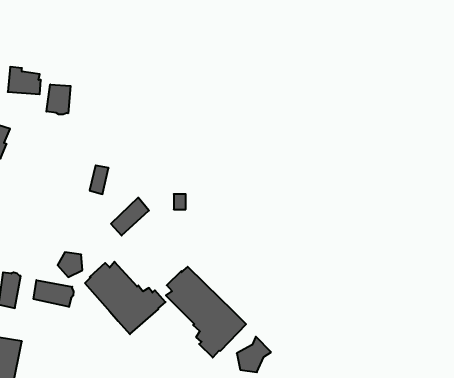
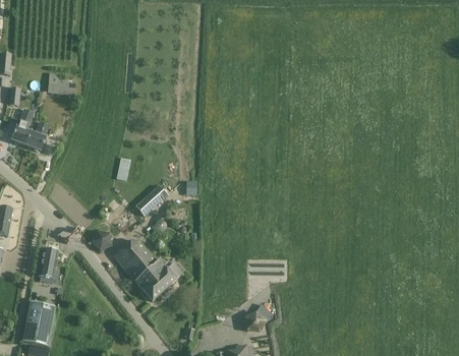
building: [46,84,71,114] -> none
building: [166,267,246,358] -> none
building: [34,280,73,307] -> none

